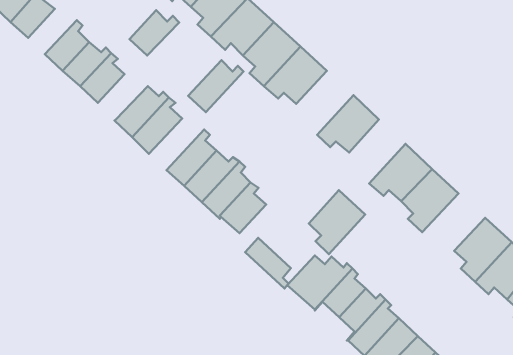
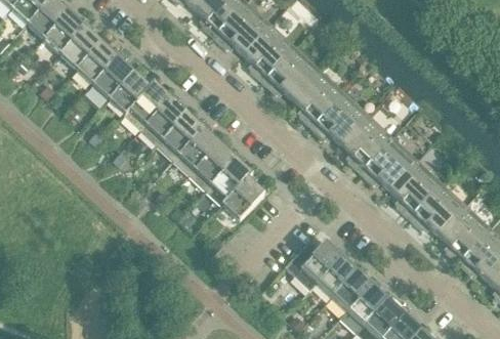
building: none -> [45,12,90,54]
building: [130,10,179,56] -> [110,73,156,115]
building: [188,60,243,112] -> [157,114,208,162]
building: none -> [293,70,346,129]
building: [309,190,365,254] -> [342,115,394,174]
building: none -> [410,183,468,237]
building: [245,238,291,288] -> none

